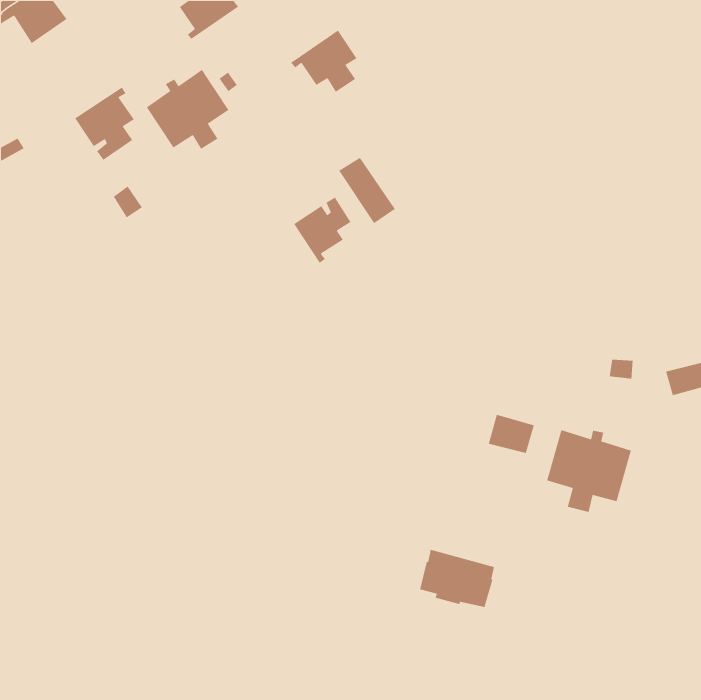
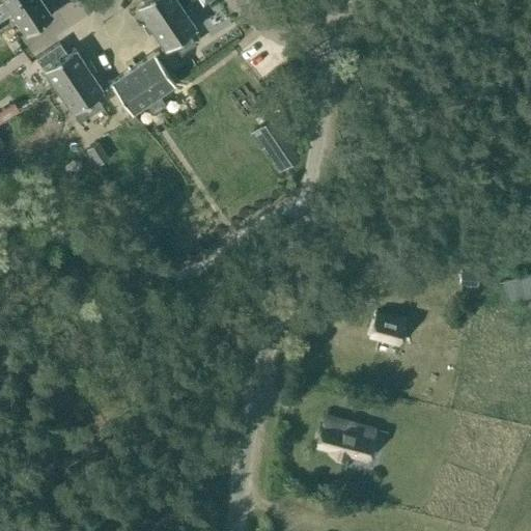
building: [290,30,357,93] -> [145,7,196,55]
building: none -> [36,44,93,91]
building: [293,197,352,264] -> none
building: [546,429,632,513] -> none

